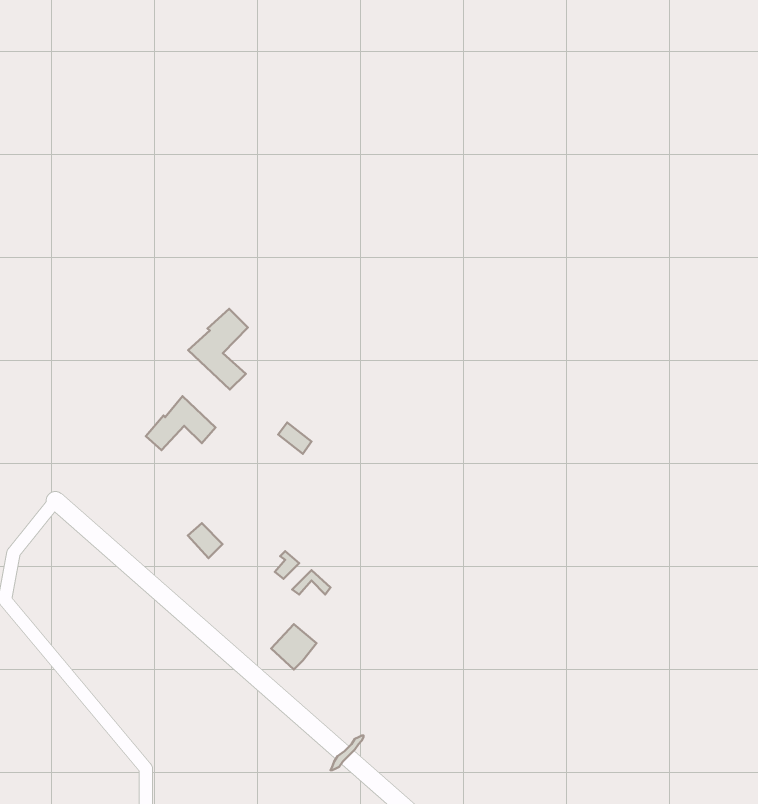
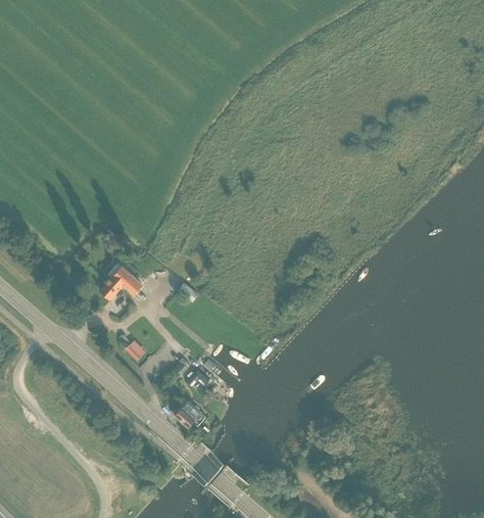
building: [188,309,248,389] -> none

